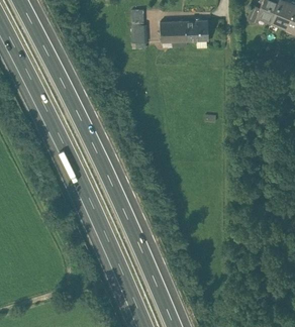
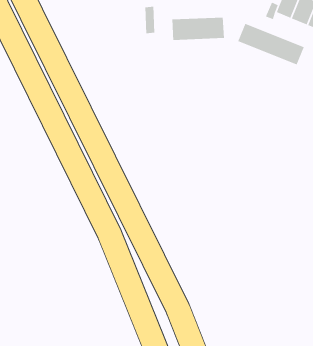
building: none -> [237,23,305,65]

